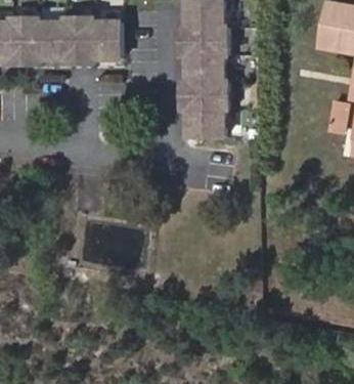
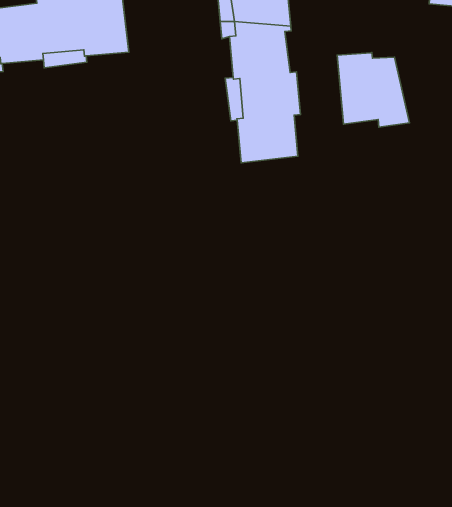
building: none -> [337,53,410,127]

